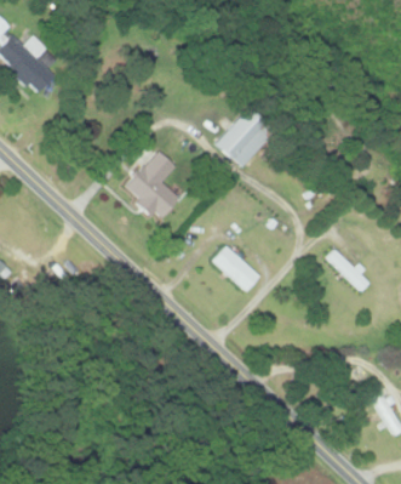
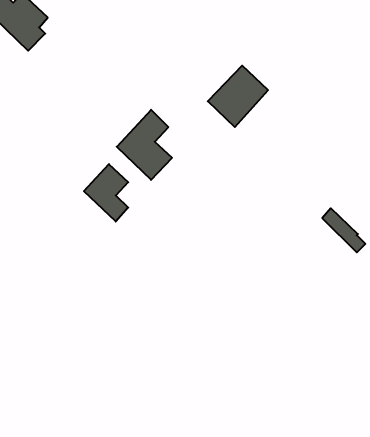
building: none -> [84,164,128,222]
building: [212,246,259,292] -> none

